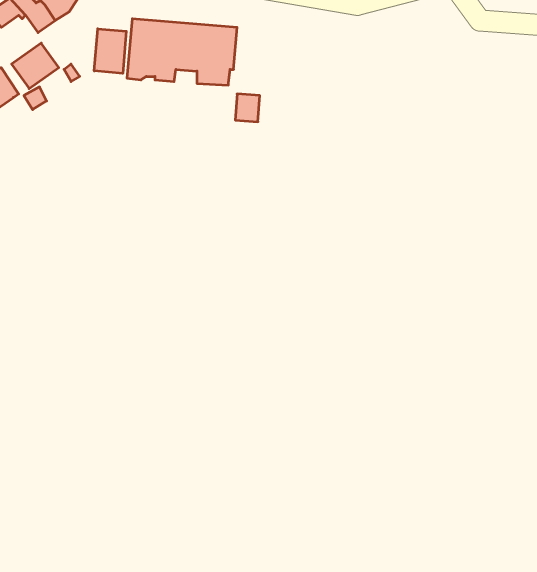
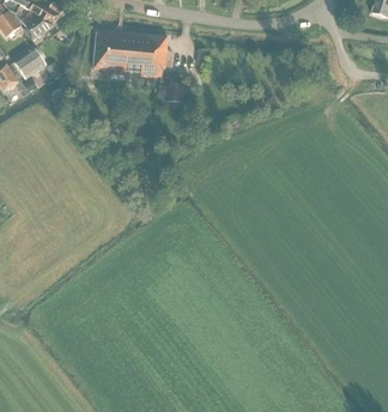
building: [94,29,126,73] -> none

